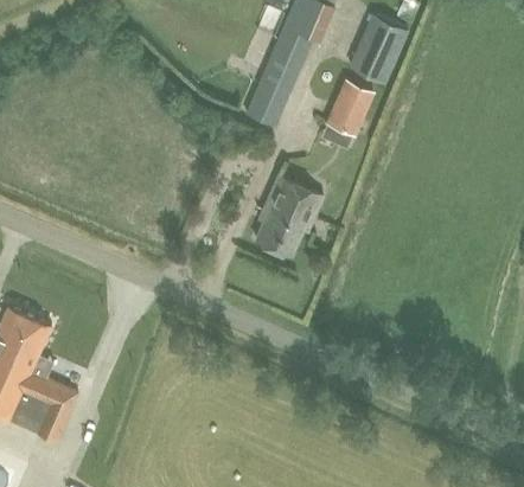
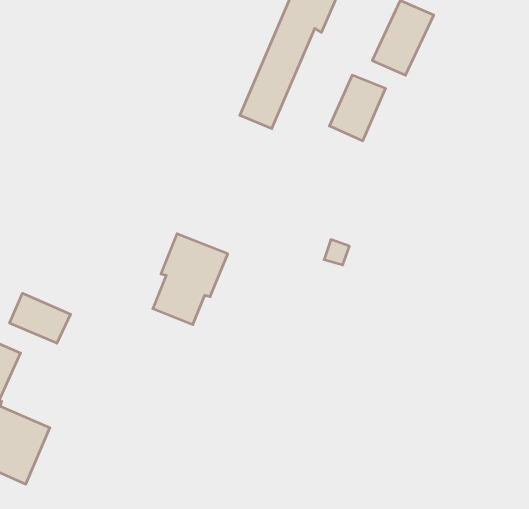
building: [255,177,321,257] -> [153,234,228,325]
building: none -> [10,293,71,343]

